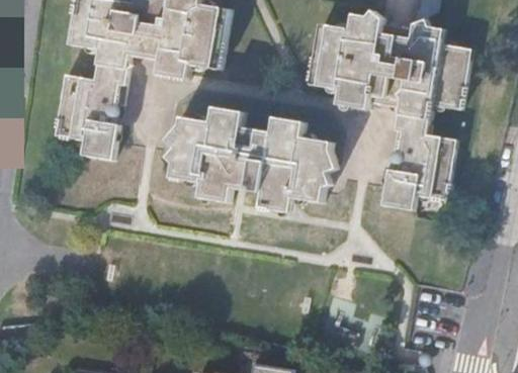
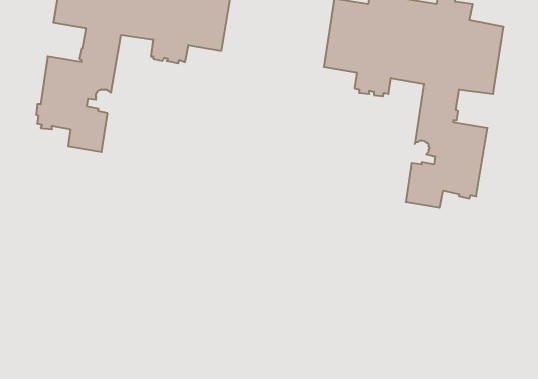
building: [167,107,339,212] -> none

